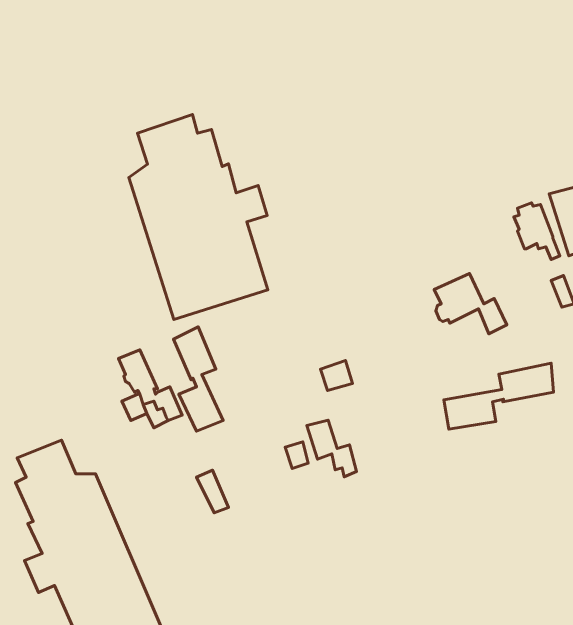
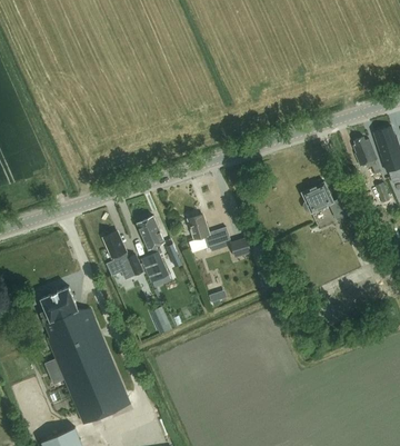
building: [129,115,268,320] -> none
building: [444,363,553,429] -> none
building: [307,420,357,477] -> [189,215,220,250]

